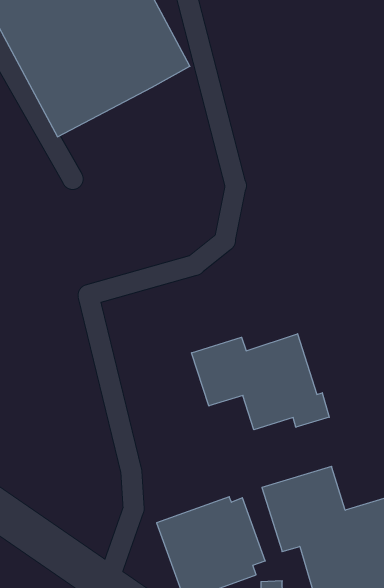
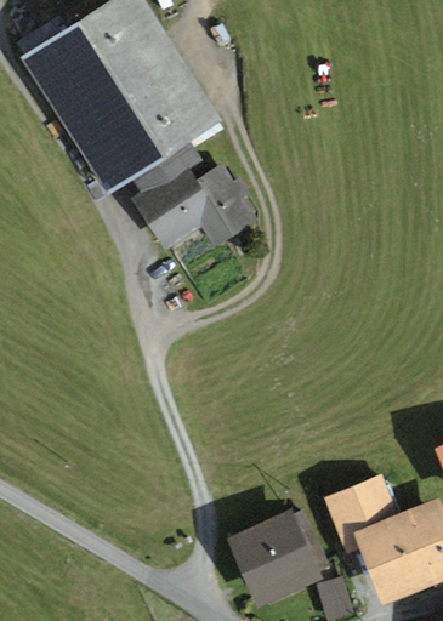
building: none -> [129,141,259,252]
building: [192,334,329,430] -> none

